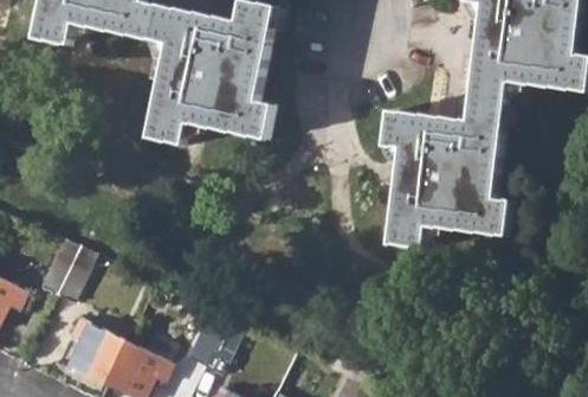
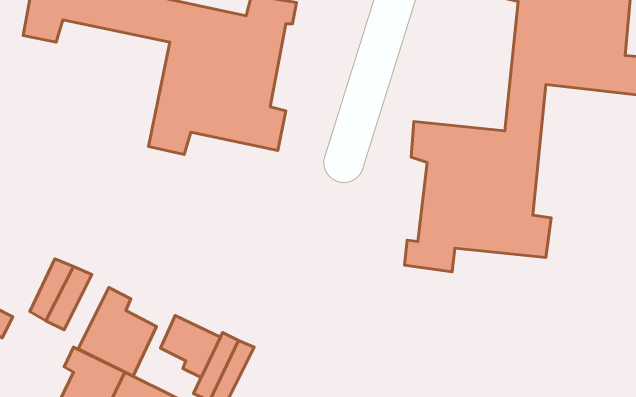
building: none -> [78,287,157,376]
building: none -> [160,315,220,378]

